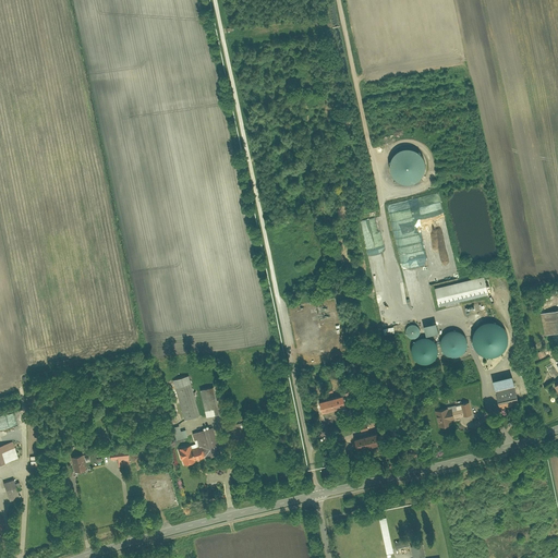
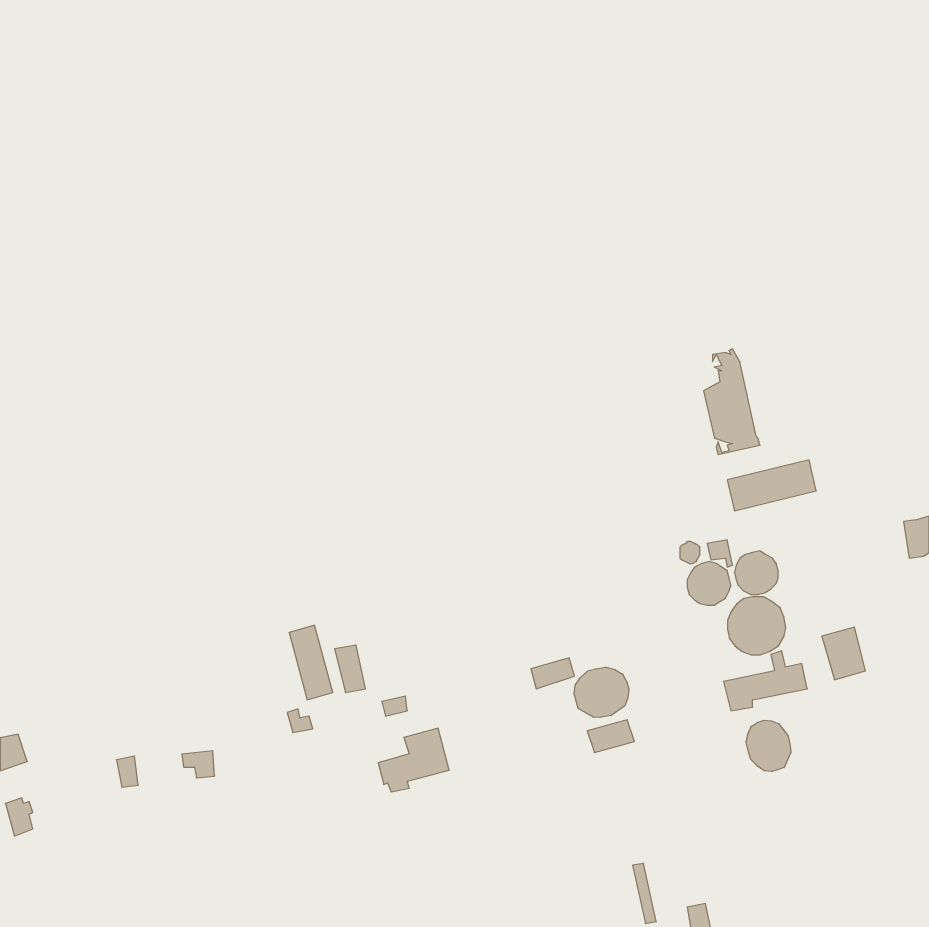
building: [390,150,425,185] -> none
building: [473,323,508,357] -> [728,597,786,655]
building: none -> [574,667,629,717]
building: [177,429,219,468] -> [378,728,449,792]
building: none -> [746,720,791,772]

